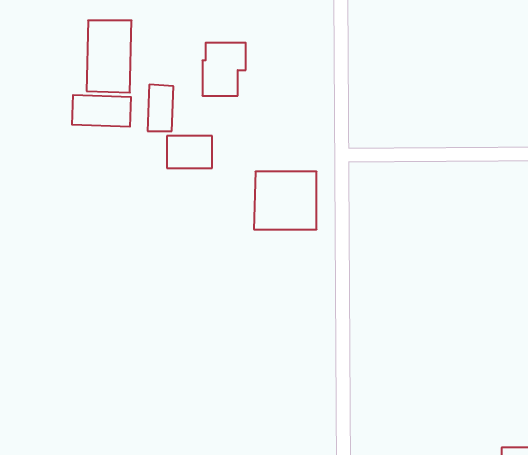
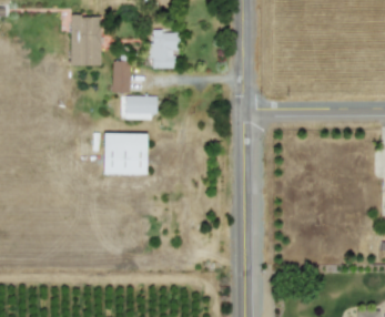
building: [72,95,131,127] -> none
building: [254,172,317,229] -> [104,134,148,174]

